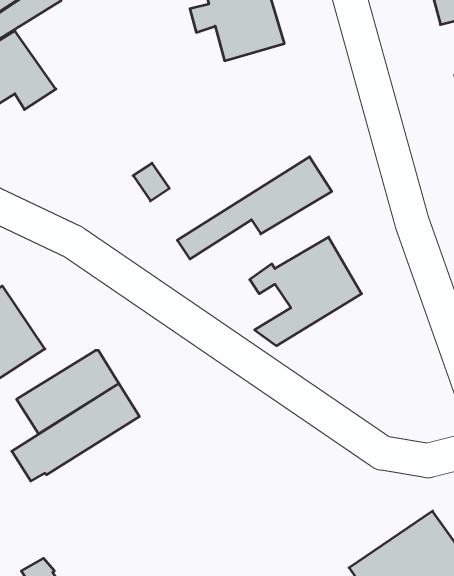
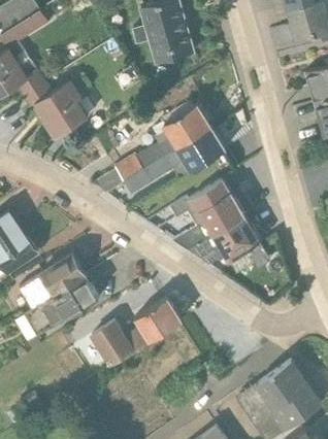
building: none -> [24,81,89,140]
building: none -> [94,105,210,194]
building: none -> [189,217,260,265]
building: none -> [91,298,182,365]

